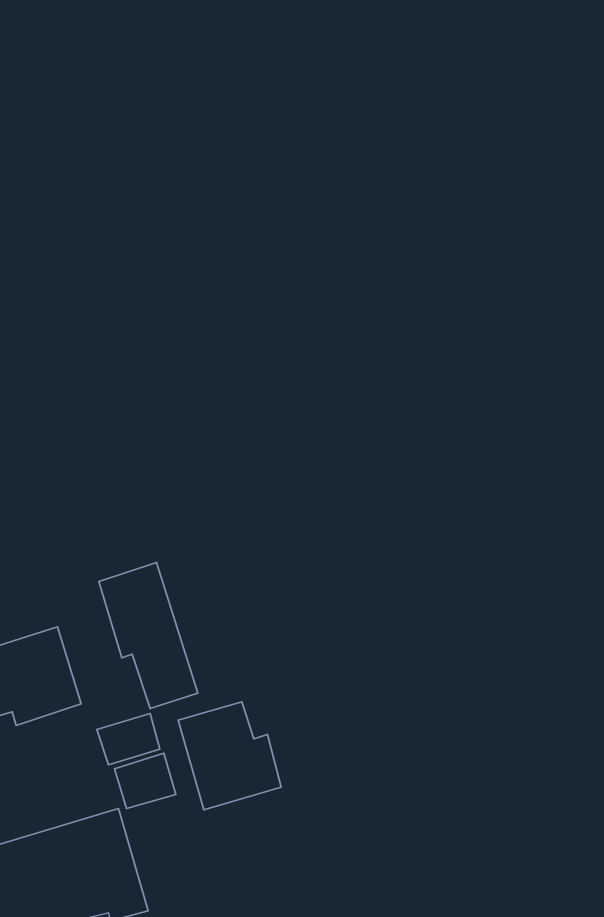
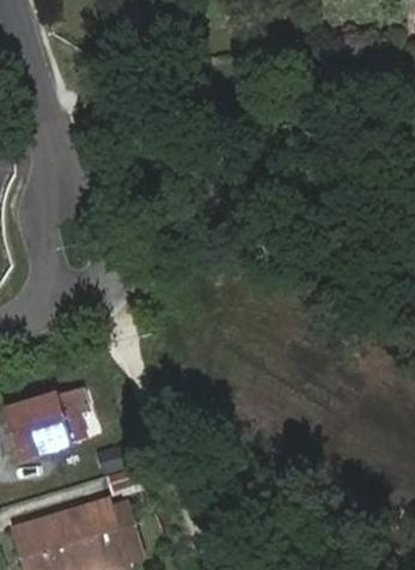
building: [99,562,198,709] -> none
building: [178,702,281,810] -> none

